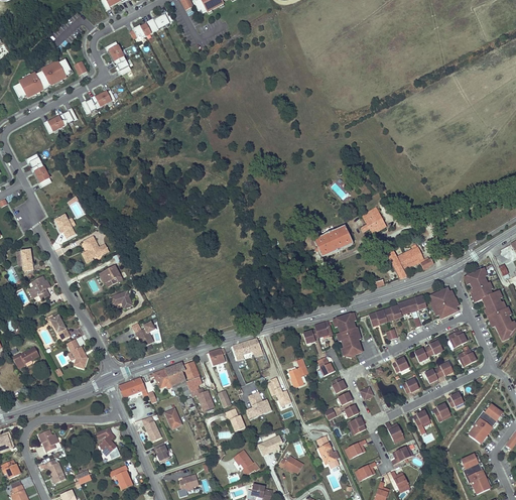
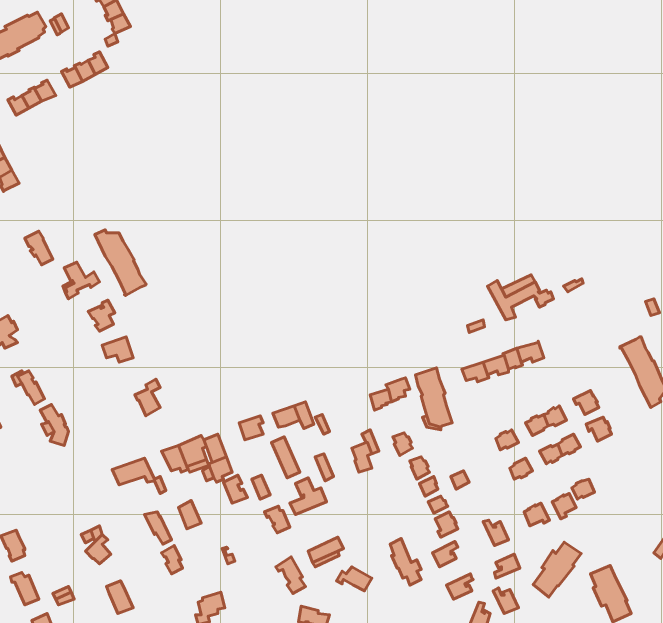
building: [361,208,387,235] -> none
building: none -> [95,230,146,296]
building: [313,226,353,258] -> none
building: [467,269,492,301] -> none
building: [429,288,458,319] -> none
building: [468,405,502,445] -> [533,542,581,597]

